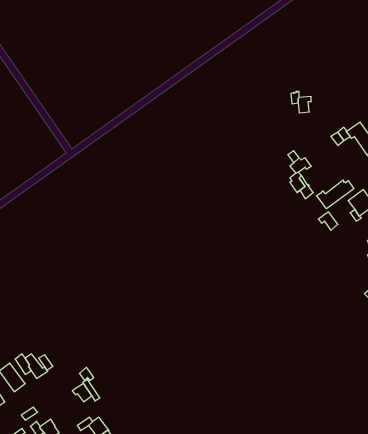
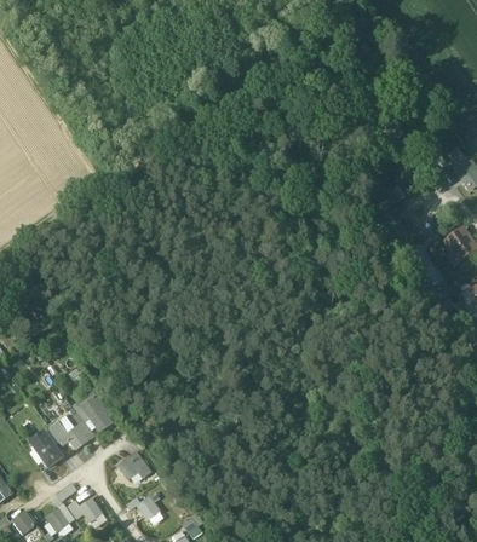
building: [316,180,354,209] -> none
building: none -> [84,397,113,433]

